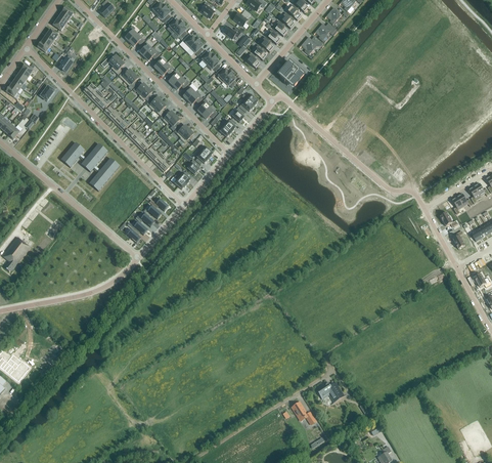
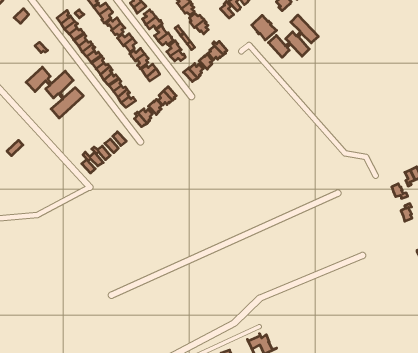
building: none -> [268,15,318,57]

